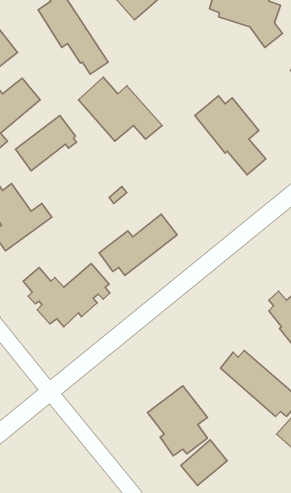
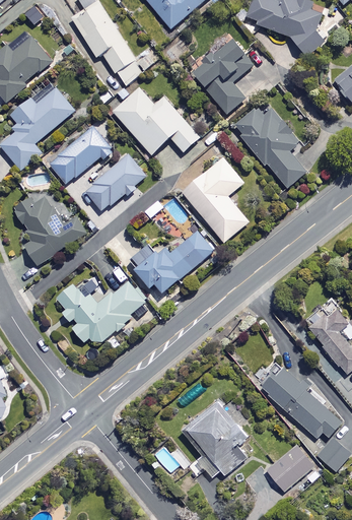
building: none -> [192,39,255,115]
building: none -> [84,153,146,211]
building: none -> [182,157,249,242]
building: [181,440,227,485] -> [267,444,314,491]

